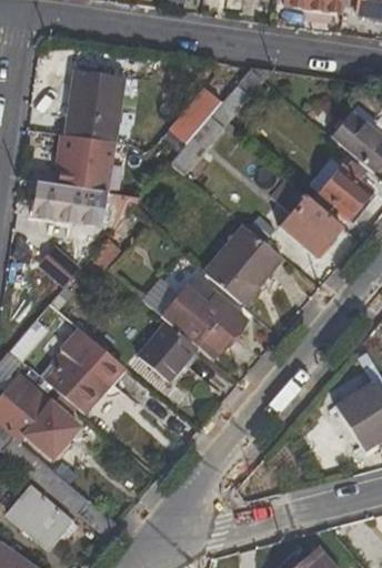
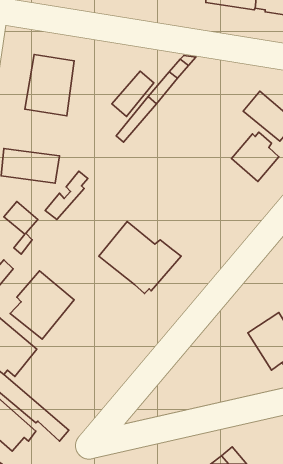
building: [57,133,115,190] -> none
building: [279,193,342,258] -> none
building: [203,222,281,304] -> none
building: [139,322,198,381] -> none

